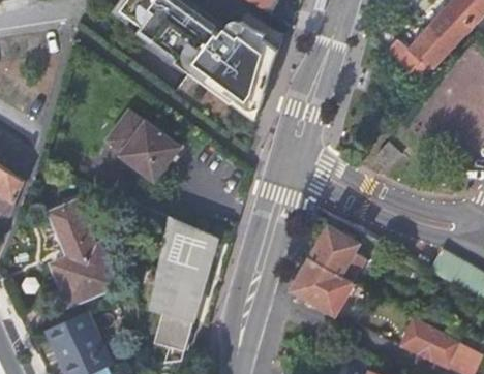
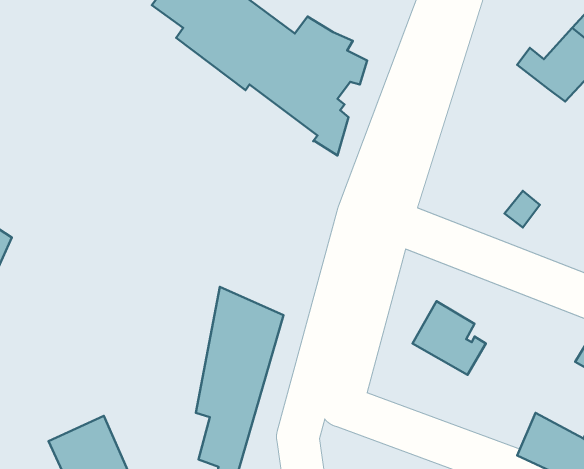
building: [104,111,178,181] -> none
building: [50,202,116,306] -> none
building: [294,259,352,313] -> none

